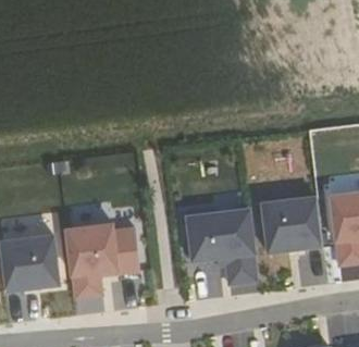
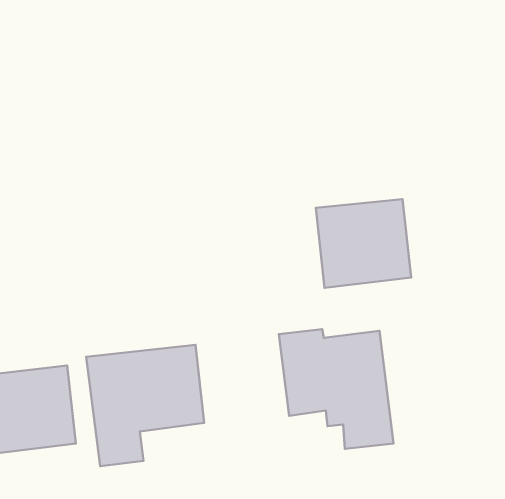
building: [263,200,323,256] -> [316,199,411,288]

